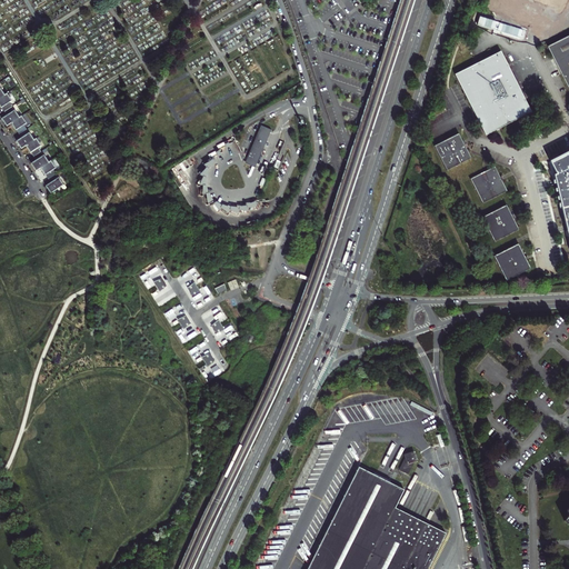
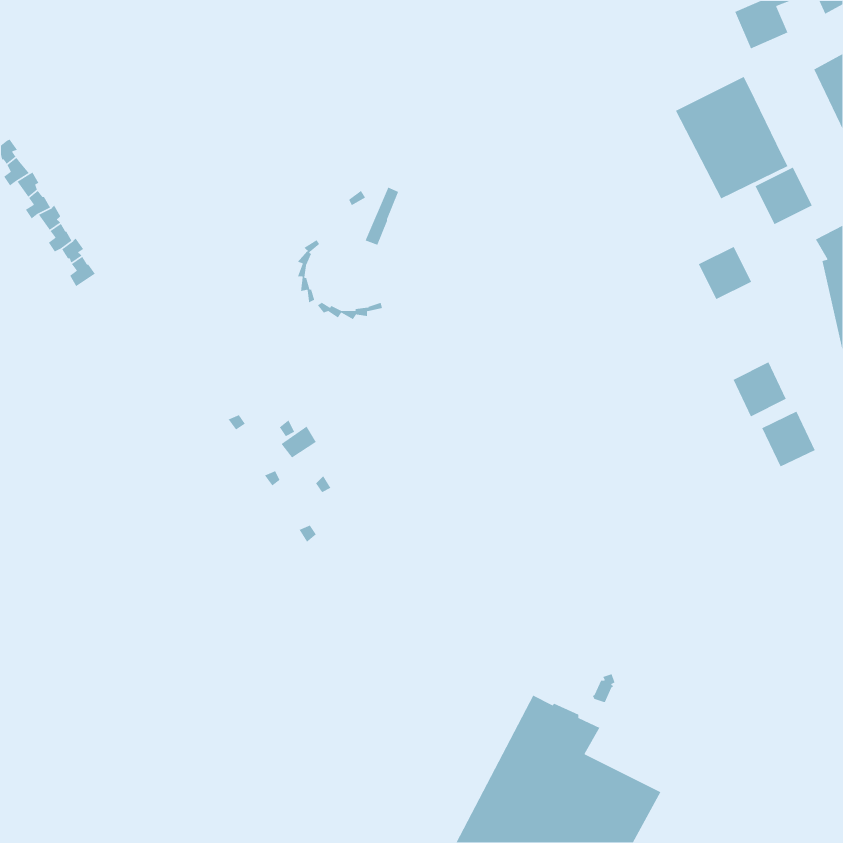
building: none -> [754,167,813,225]
building: [433,133,471,170] -> none
building: [481,204,519,241] -> none
building: none -> [761,411,816,467]

